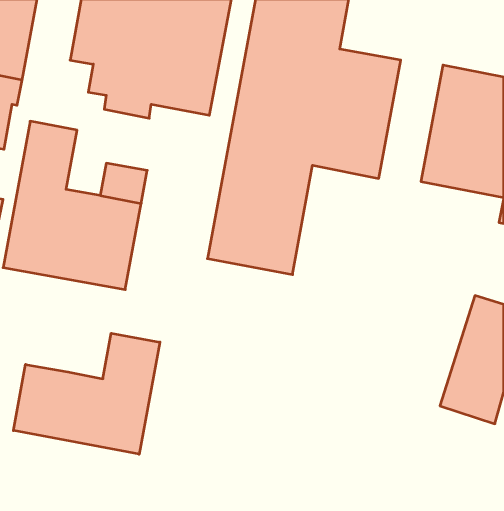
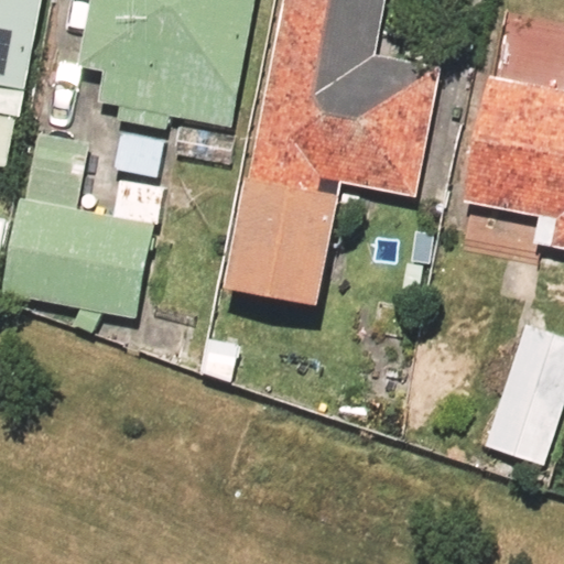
building: [13,333,160,454] -> none

